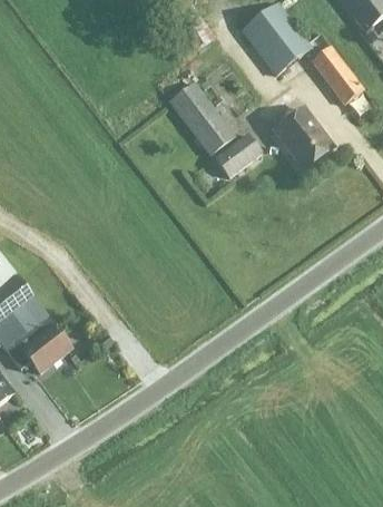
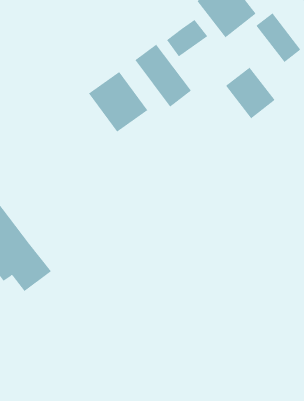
building: none -> [88,71,148,133]
building: [214,131,263,176] -> [166,19,208,57]

